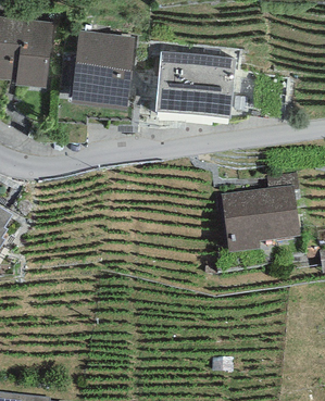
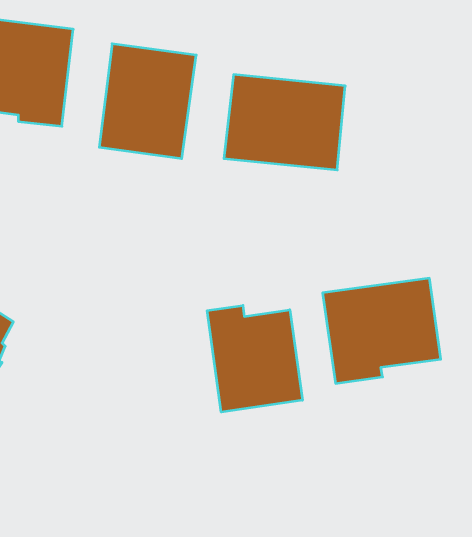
building: none -> [207,305,302,412]

